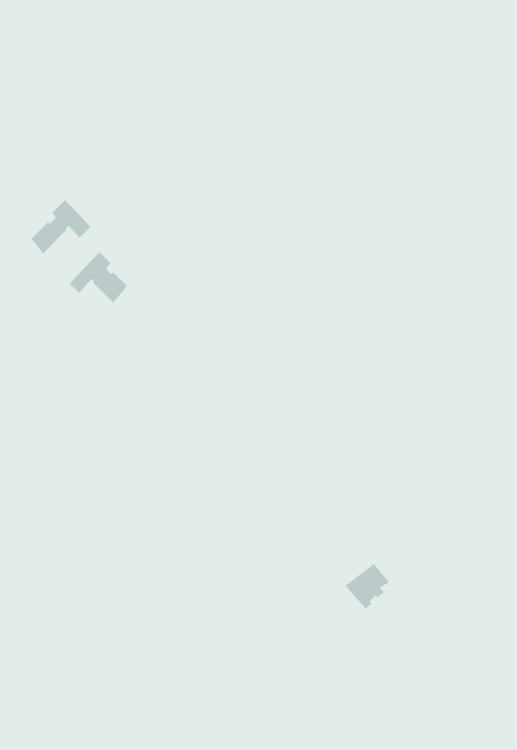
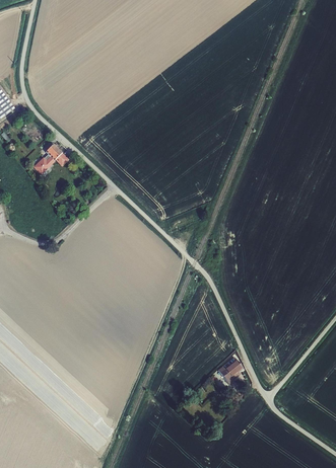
building: [69,252,128,303] -> none

